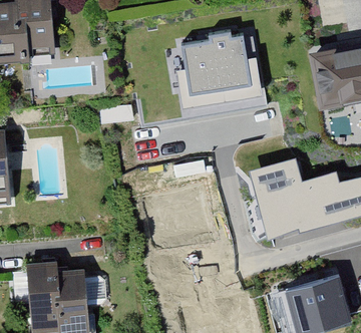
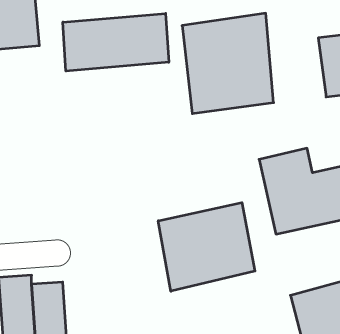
building: none -> [63,13,169,71]
building: none -> [158,203,255,291]

